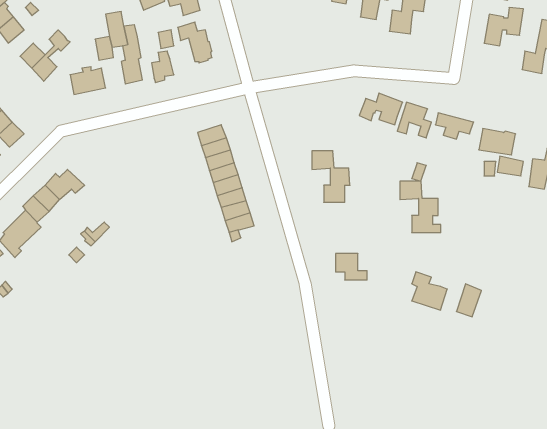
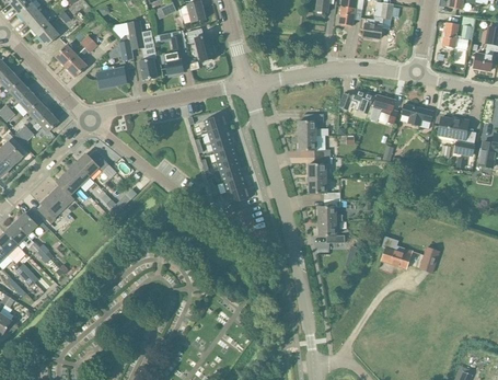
building: none -> [297,113,327,135]
building: [400,181,441,233] -> [308,177,341,220]

